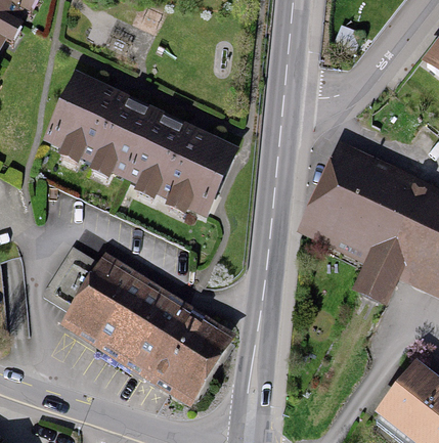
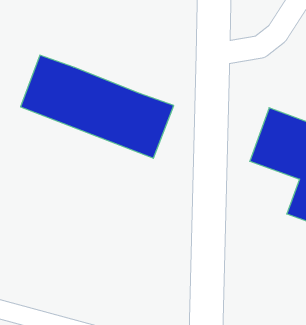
building: [49,250,223,394] -> none

